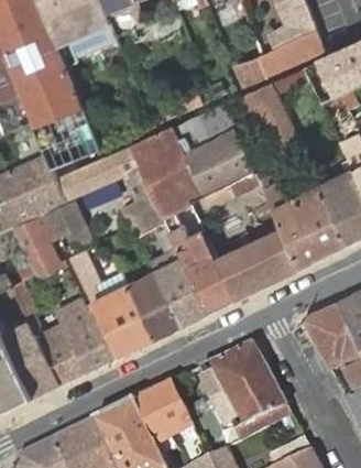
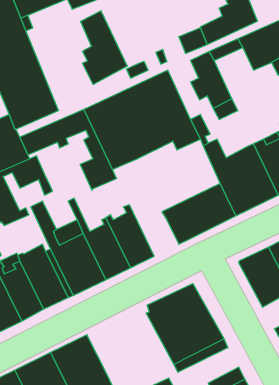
building: none -> [81,11,127,84]
building: [162,210,236,312] -> none
building: [133,382,193,444] -> none

